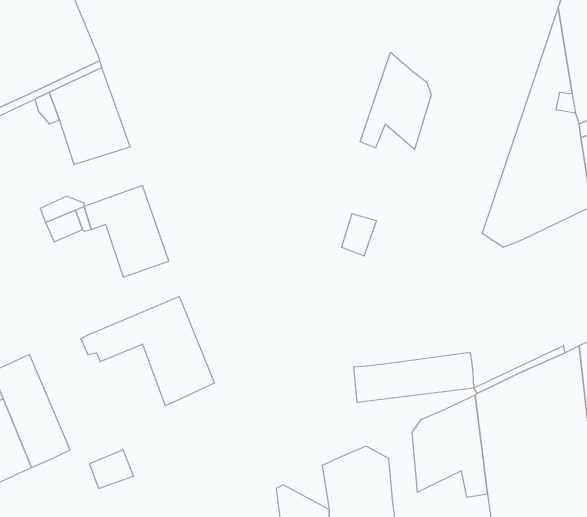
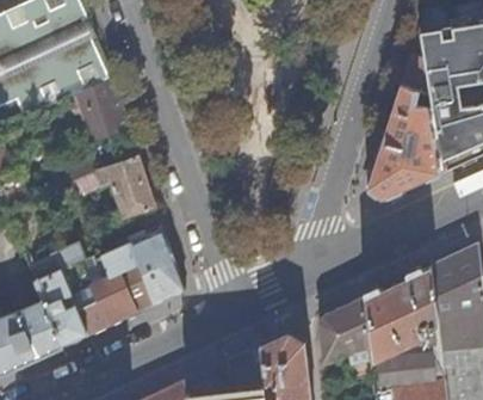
building: [360,52,431,150] -> none
building: none -> [61,263,153,334]
building: [354,352,474,403] -> none

